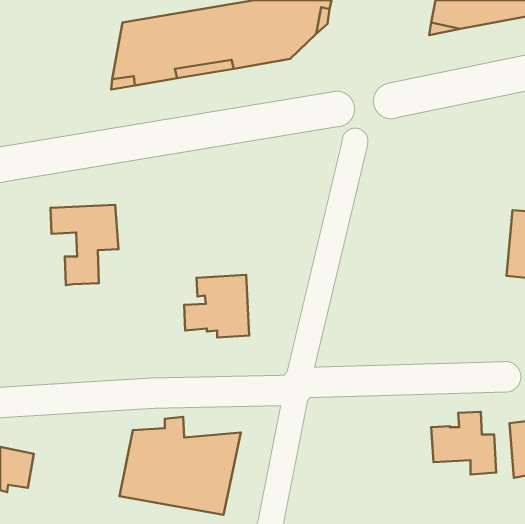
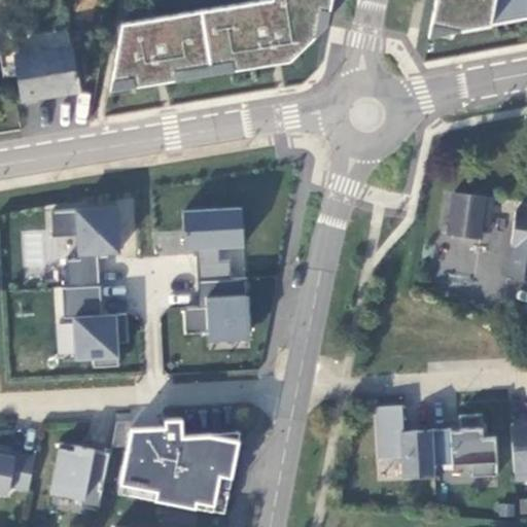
building: none -> [17,44,78,95]
building: none -> [447,196,491,242]
building: none -> [182,210,247,280]
building: none -> [62,285,128,366]
building: none -> [377,406,435,477]
building: none -> [50,443,110,510]

